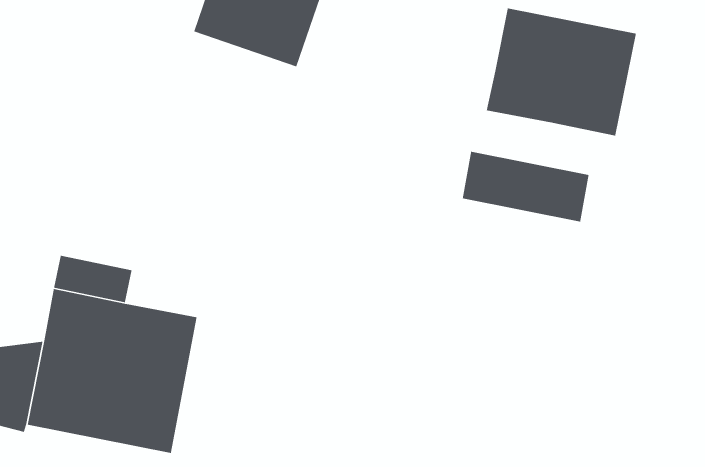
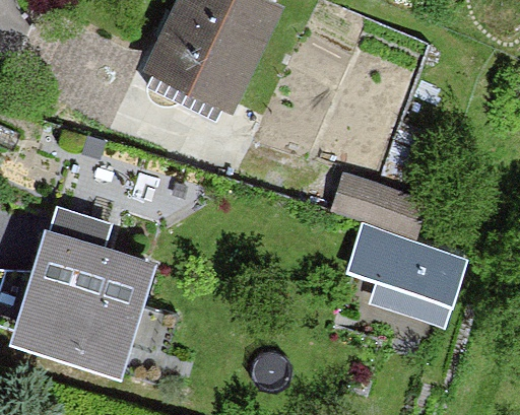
building: [486,7,637,137] -> none
building: none -> [354,230,463,321]

